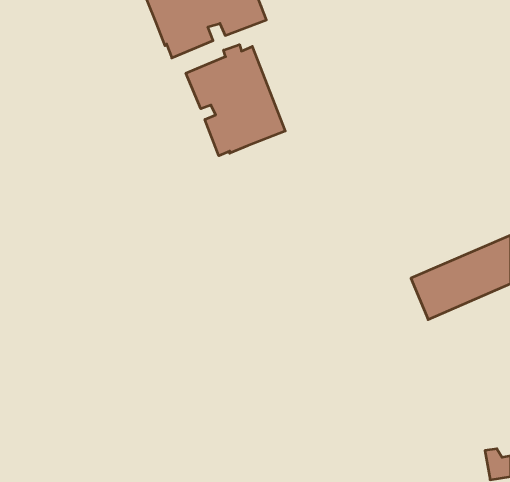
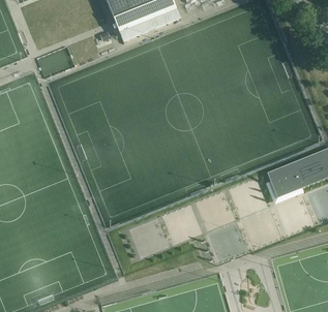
building: [186,45,285,156] -> none

